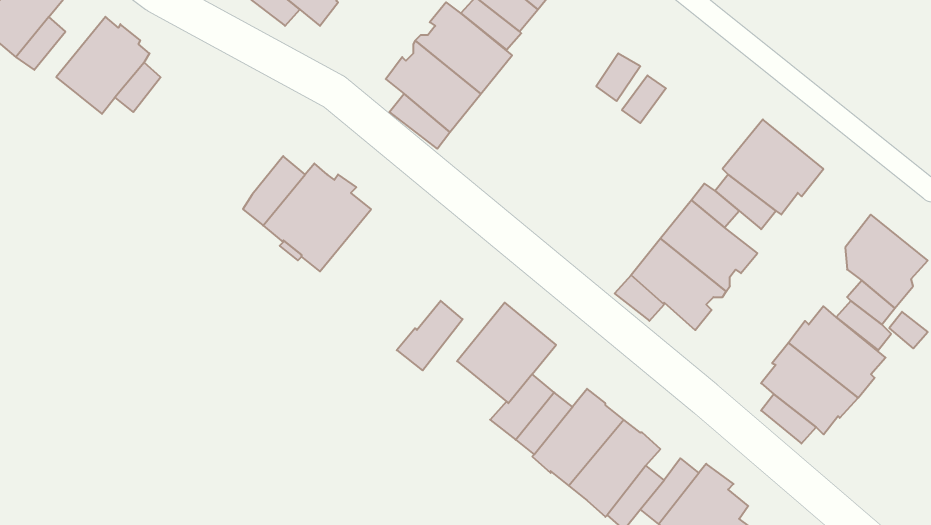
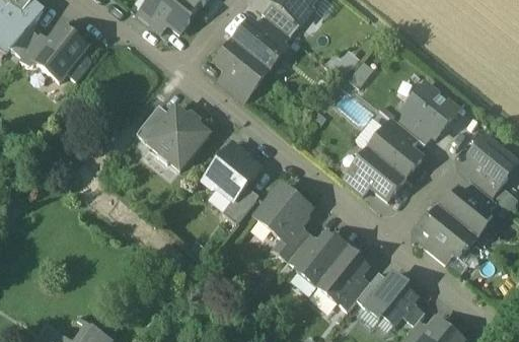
building: none -> [208,142,260,199]

